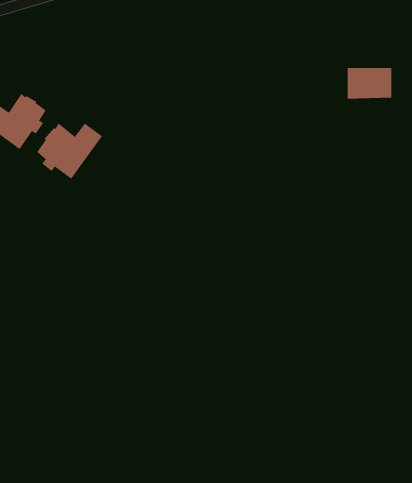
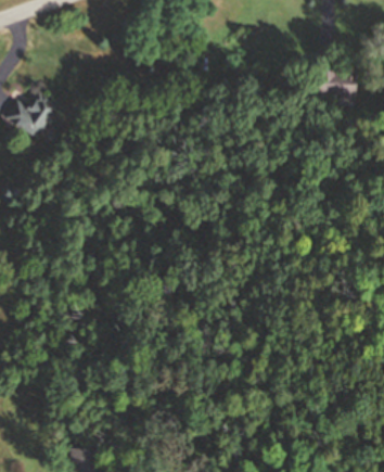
building: [36,123,103,179] -> none

